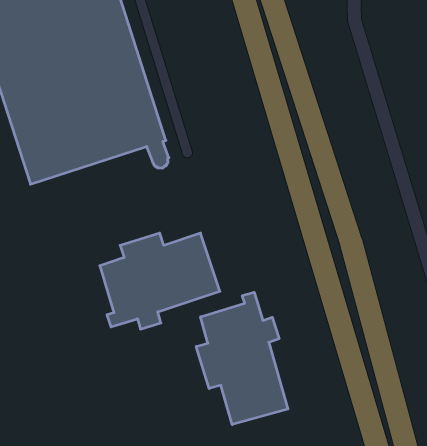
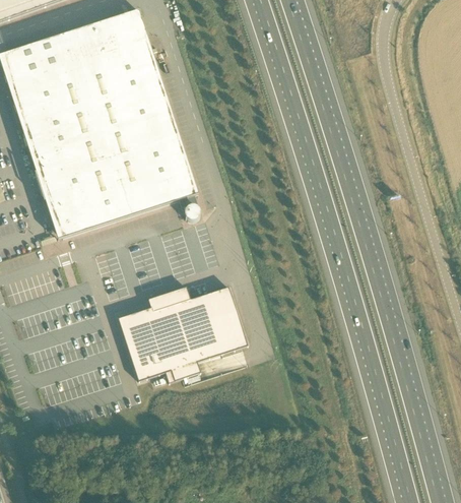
building: [196,292,288,425] -> none

